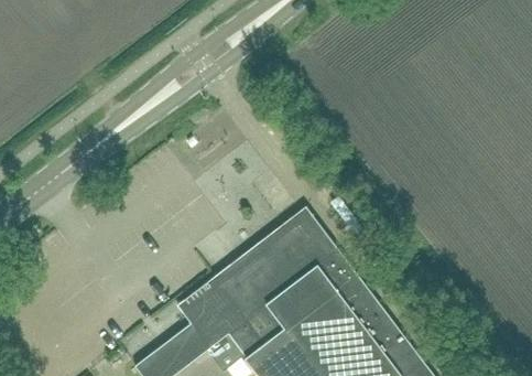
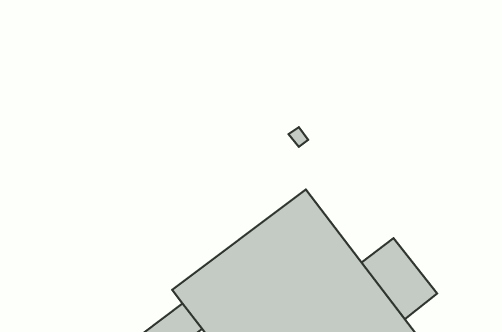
building: none -> [362,238,437,319]

